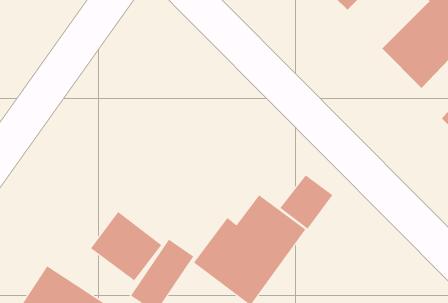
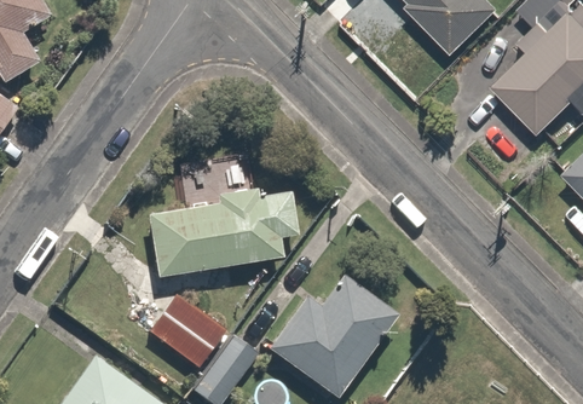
building: none -> [146,185,300,279]
building: [280,174,333,229] -> none

